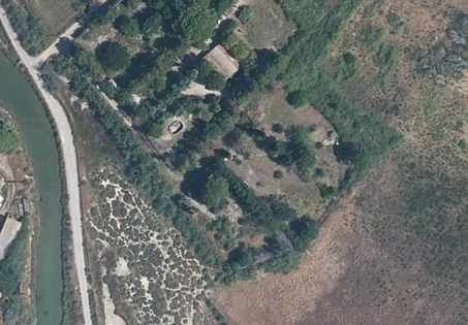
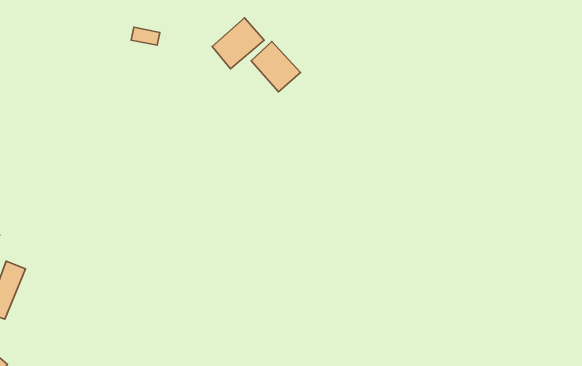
building: none -> [212,18,264,69]

